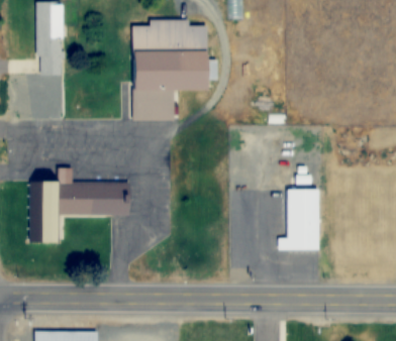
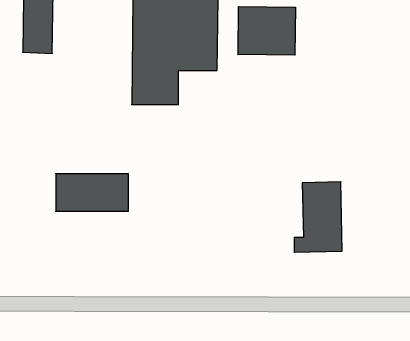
building: none -> [238,7,295,55]
building: [29,181,60,243] -> none

